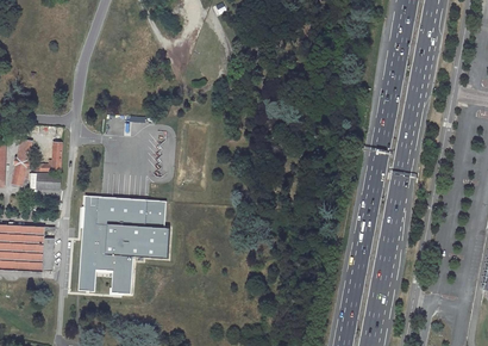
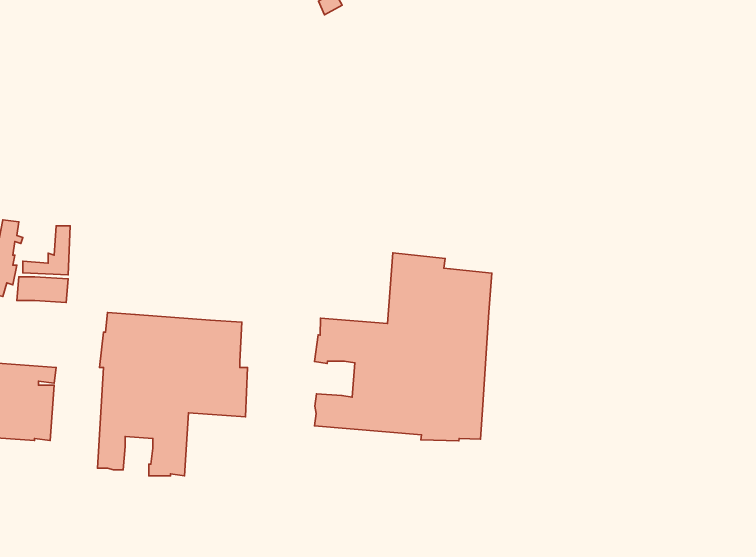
building: none -> [314,253,492,441]

